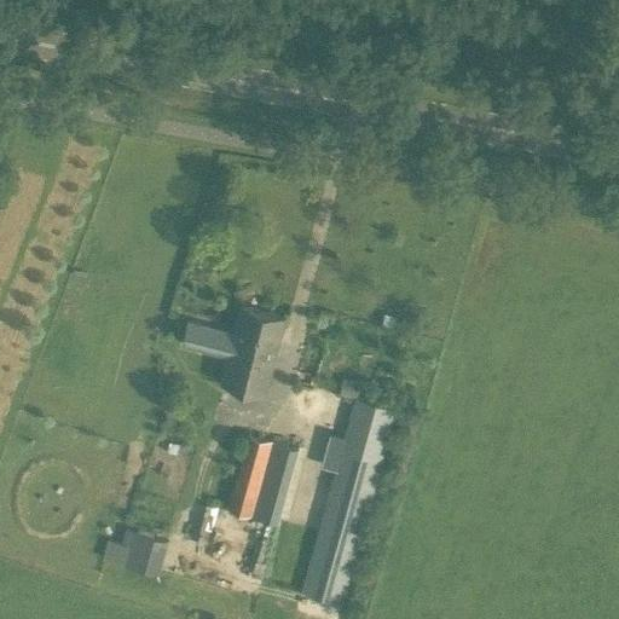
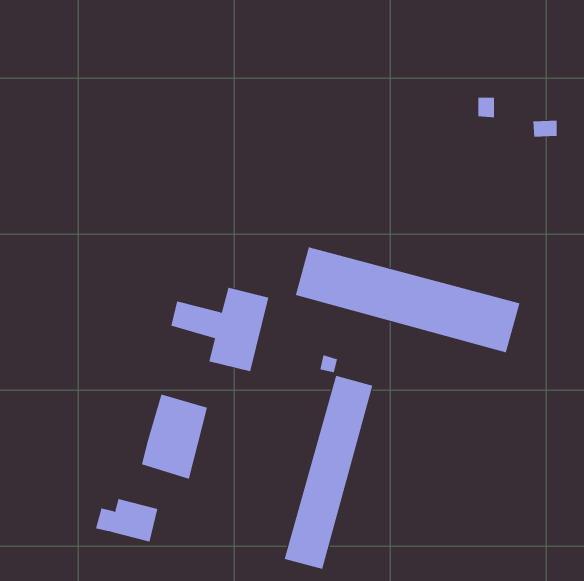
building: none -> [295,247,520,353]
building: [226,435,296,526] -> [141,394,208,479]

